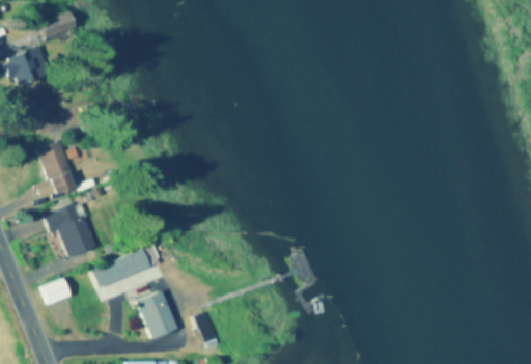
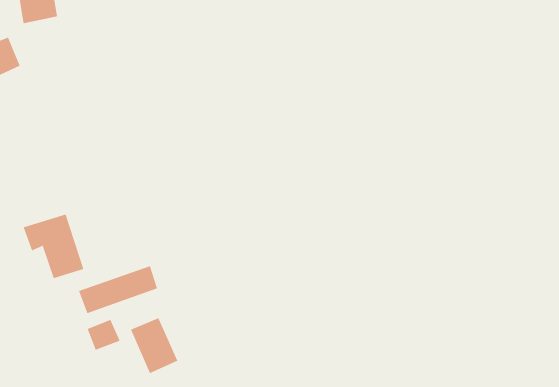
building: [36,140,89,199] -> none
building: [43,279,72,306] -> [87,319,121,351]

